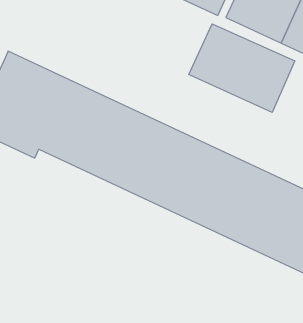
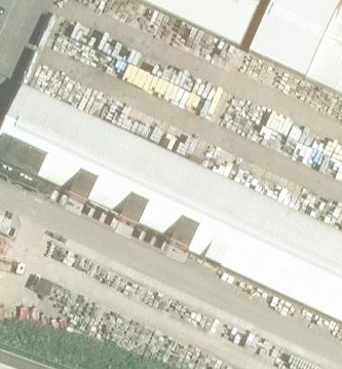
building: [189,24,295,112] -> none

